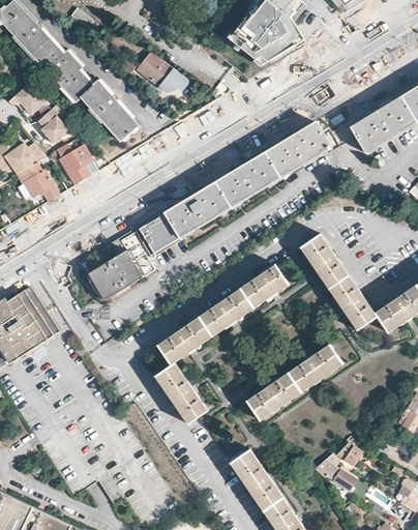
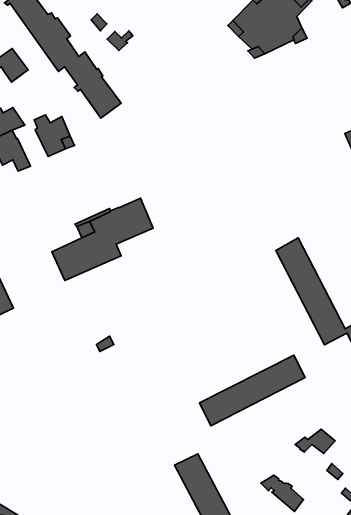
building: [137,53,187,92] -> none
building: [35,110,69,145] -> none
building: [166,121,331,239] -> none
building: [154,264,288,424] -> none
building: [324,442,361,466] -> [295,429,335,454]

